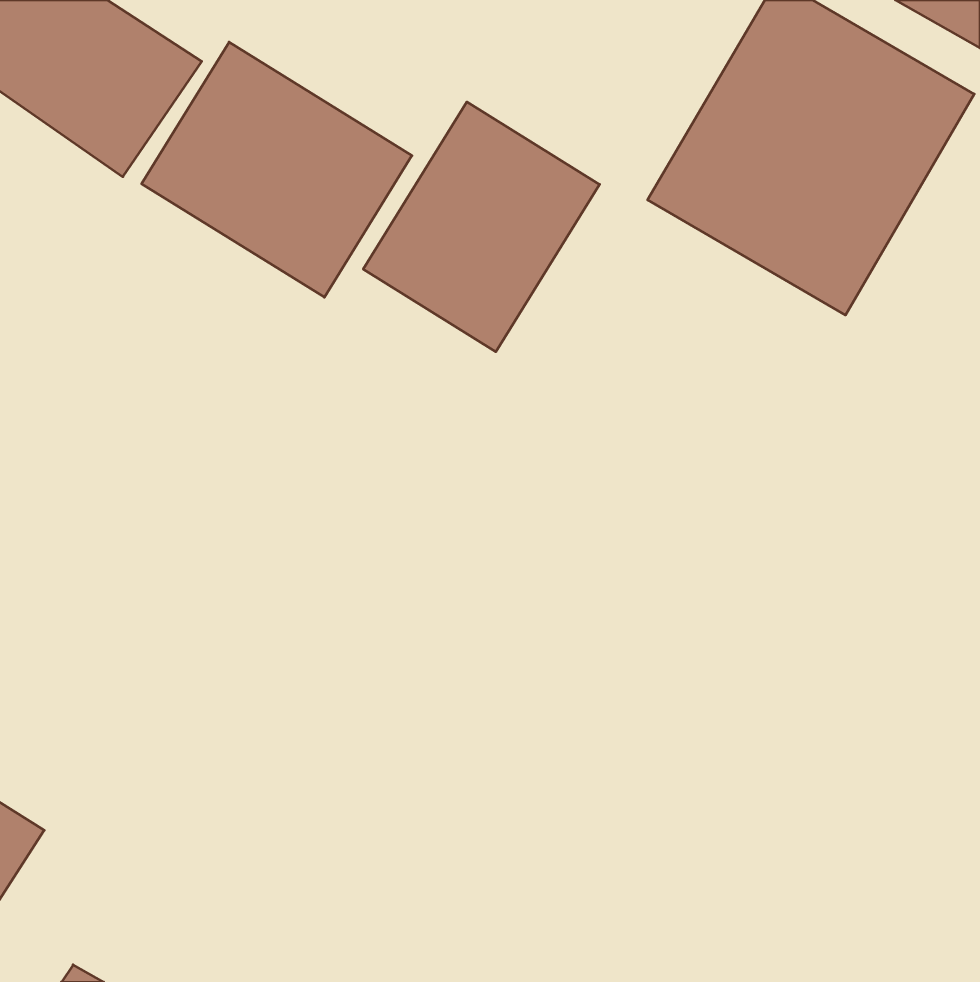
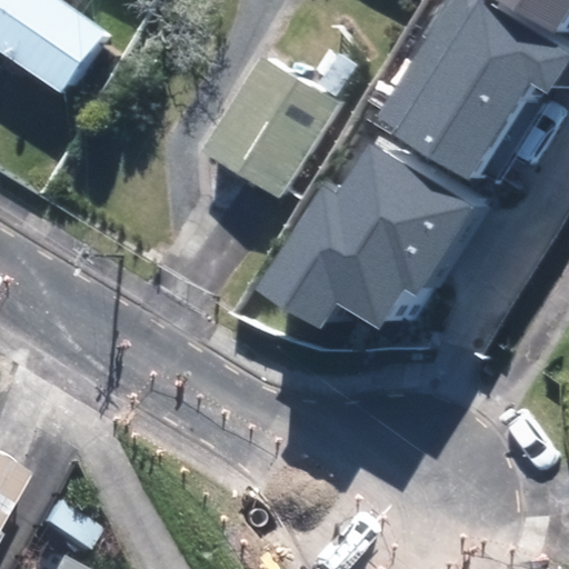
building: [142,42,412,297] -> none
building: none -> [257,137,471,338]

